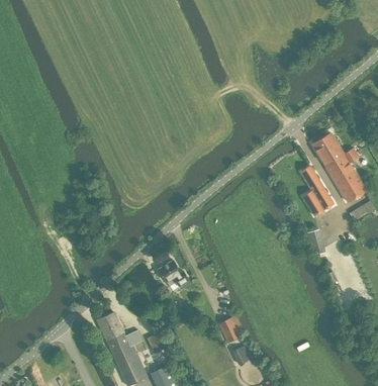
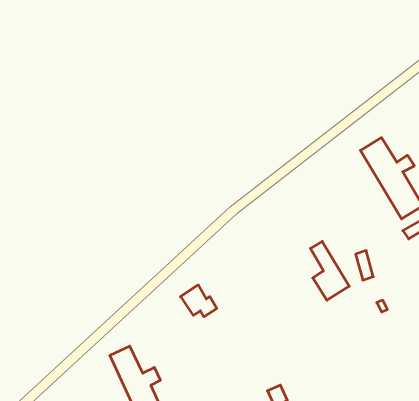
building: [300,166,334,216] -> [310,241,349,300]
building: [218,315,241,343] -> none

